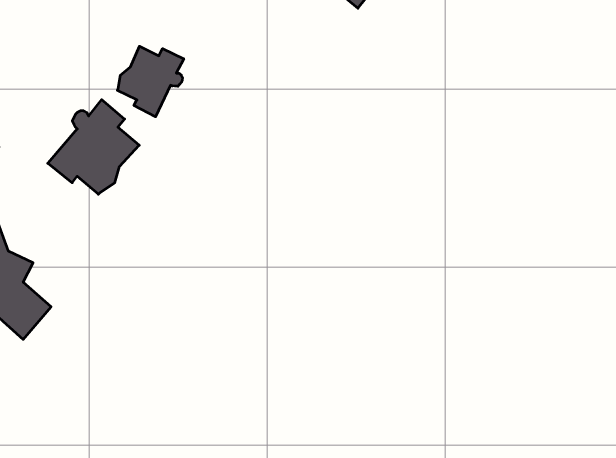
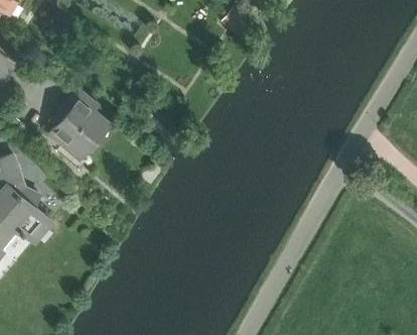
building: [117,46,184,117] -> none

